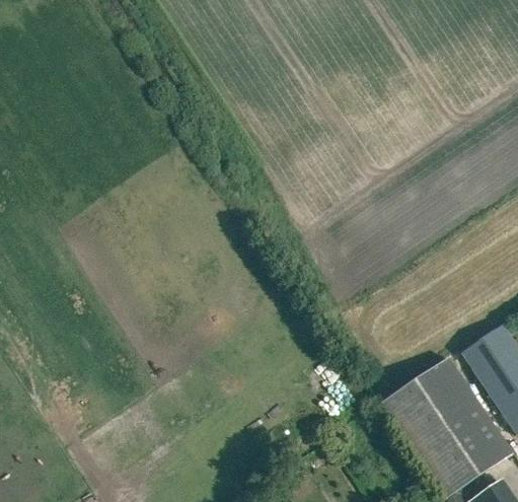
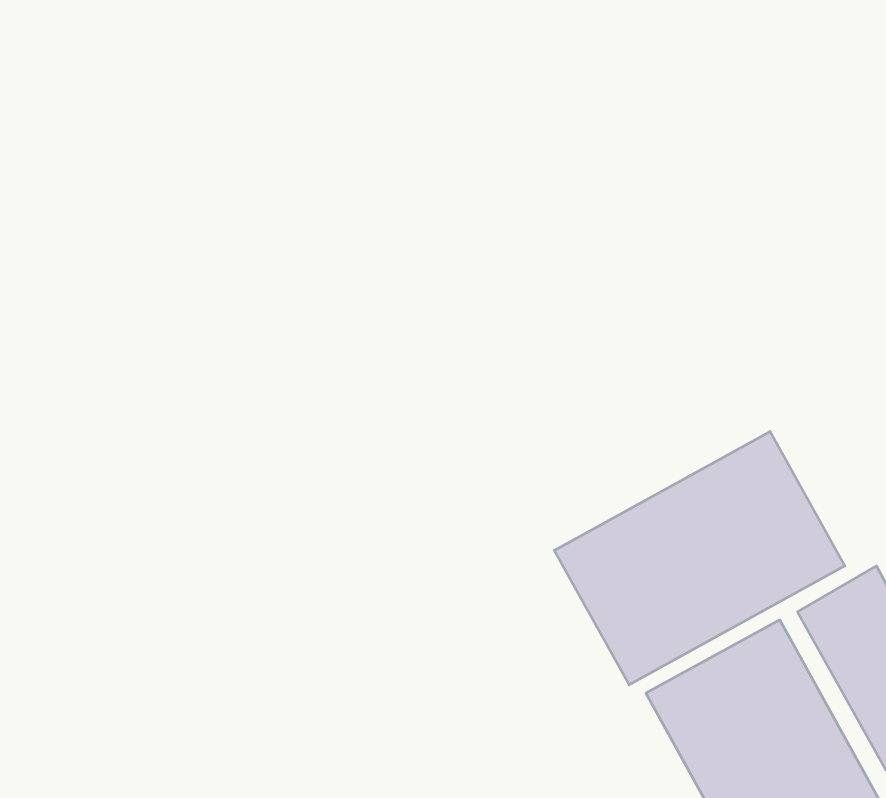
building: none -> [554,431,845,685]

